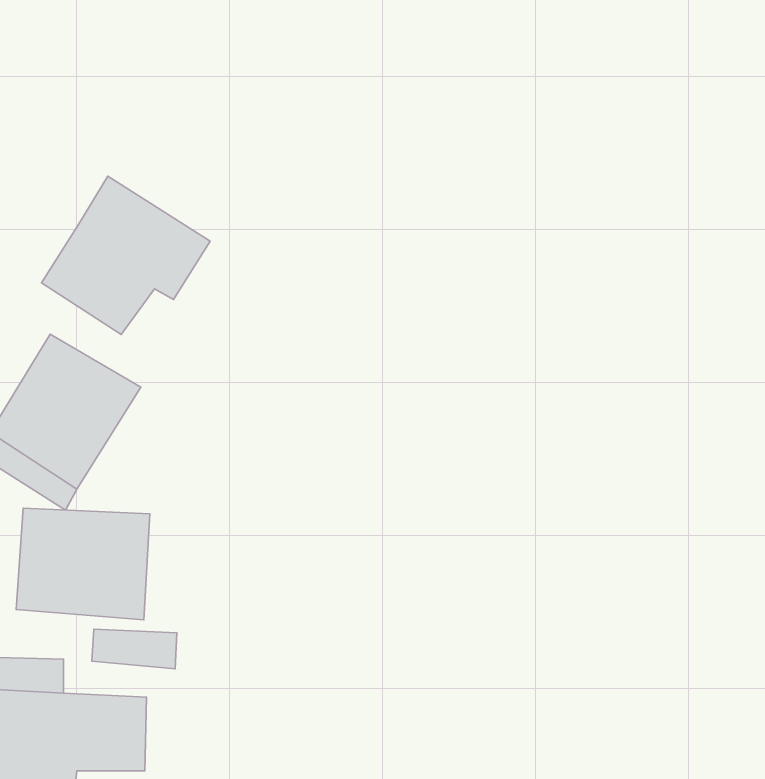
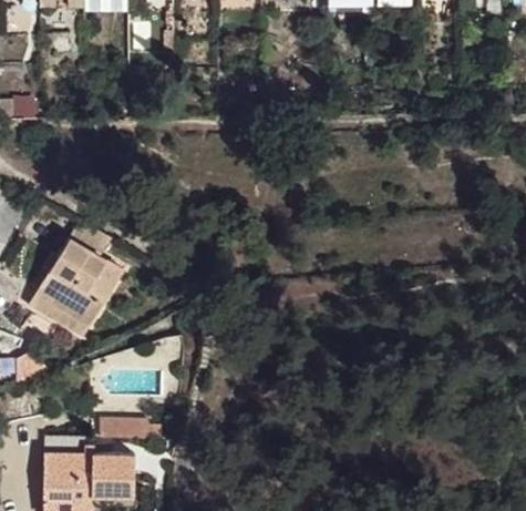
building: [42,176,210,334] -> none
building: [16,508,150,620] -> none

